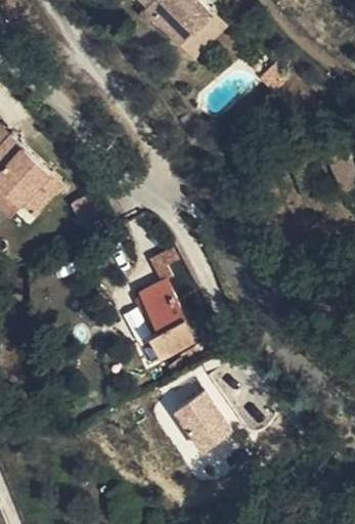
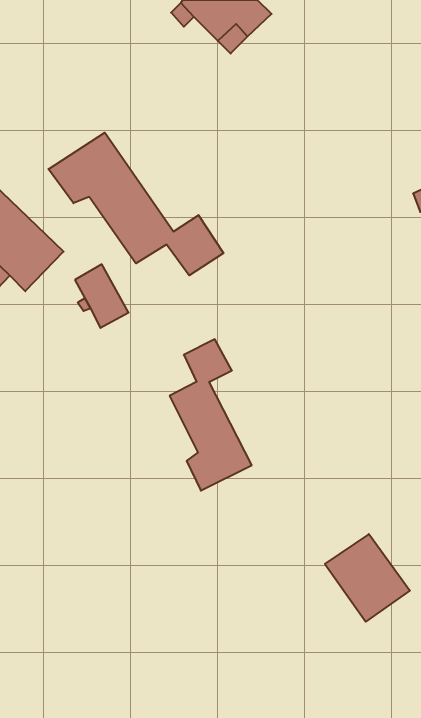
building: none -> [48,133,223,275]
building: [169,395,230,458] -> [325,534,410,622]

